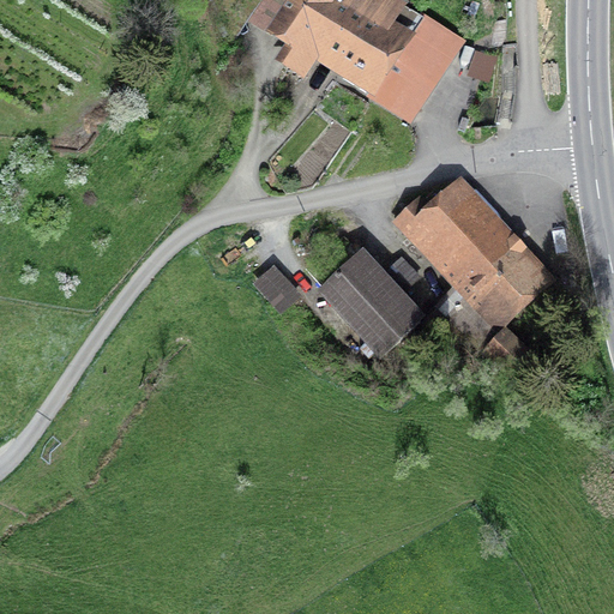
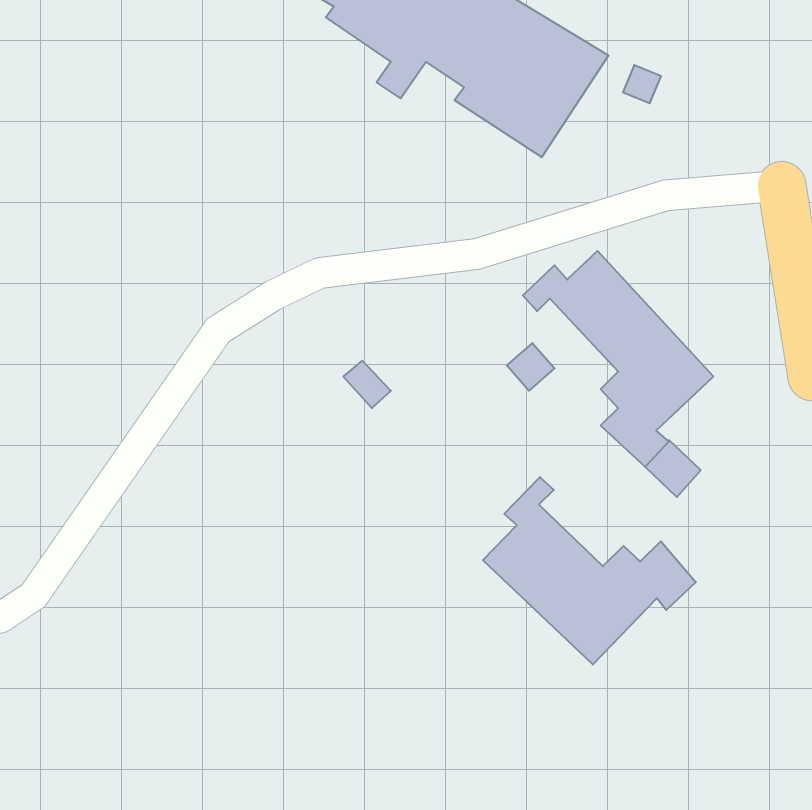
building: [324,255,421,354] -> none
building: none -> [483,477,696,665]

